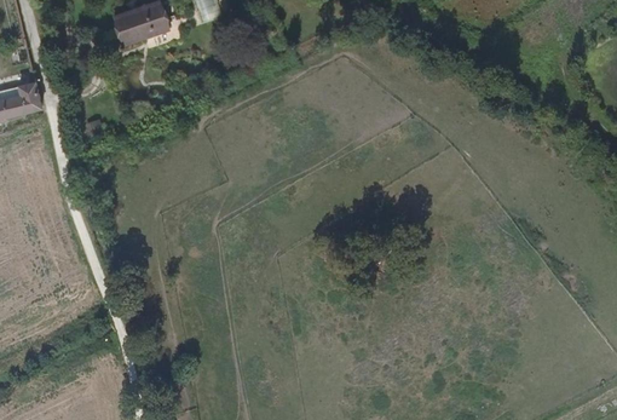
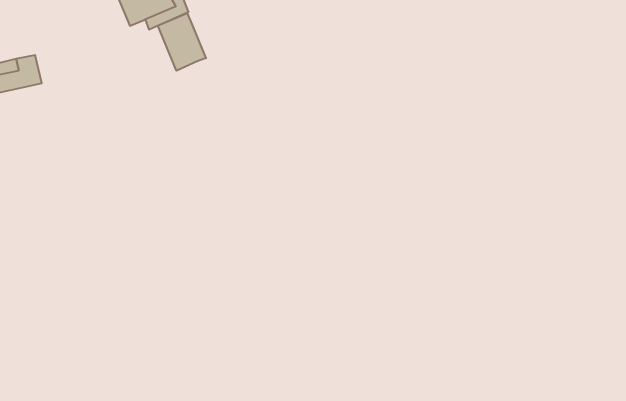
building: none -> [158,13,206,71]

